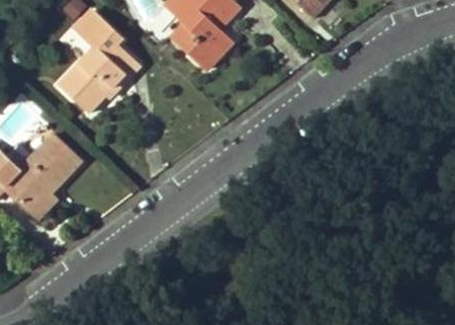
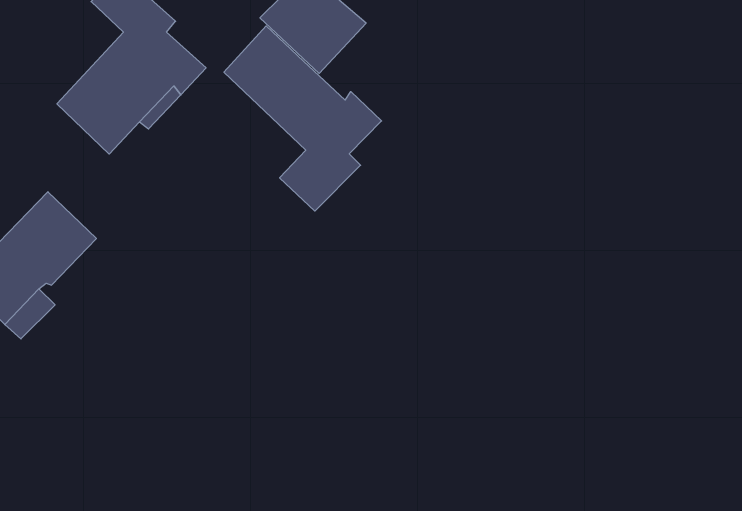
building: none -> [224,26,382,211]

